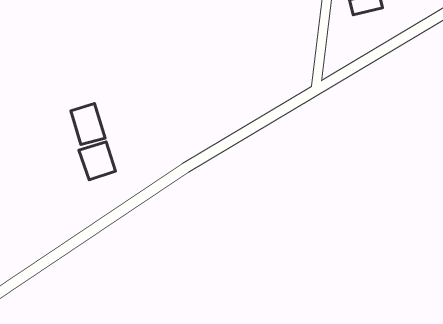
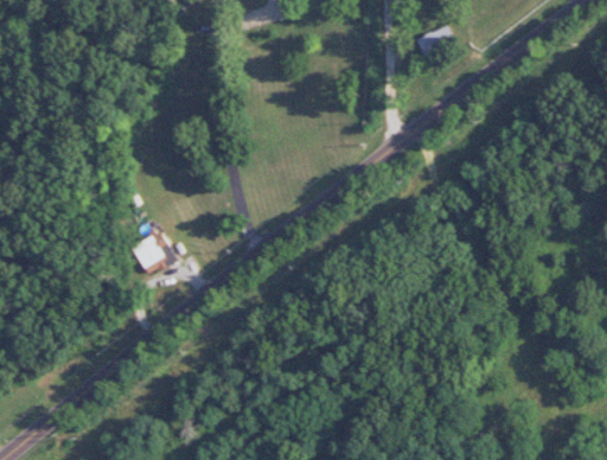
building: [71,104,105,144] -> none

